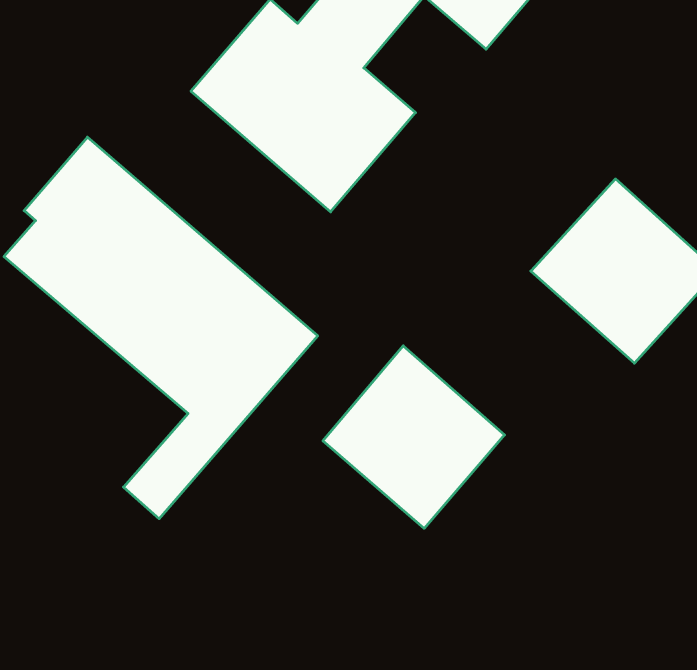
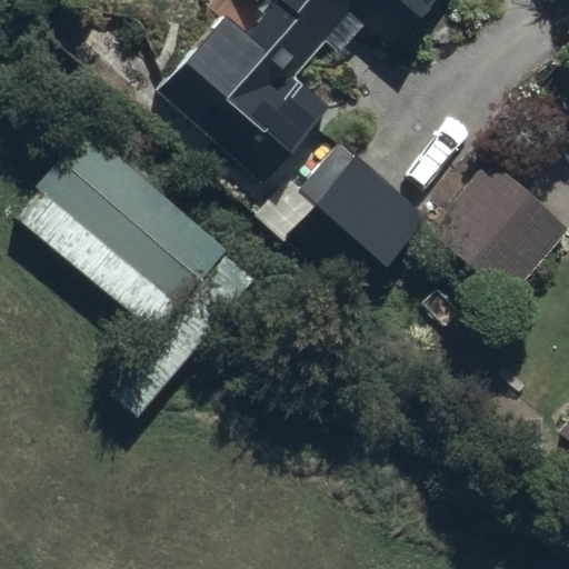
building: none -> [298,139,427,263]
building: [323,346,505,528] -> none

